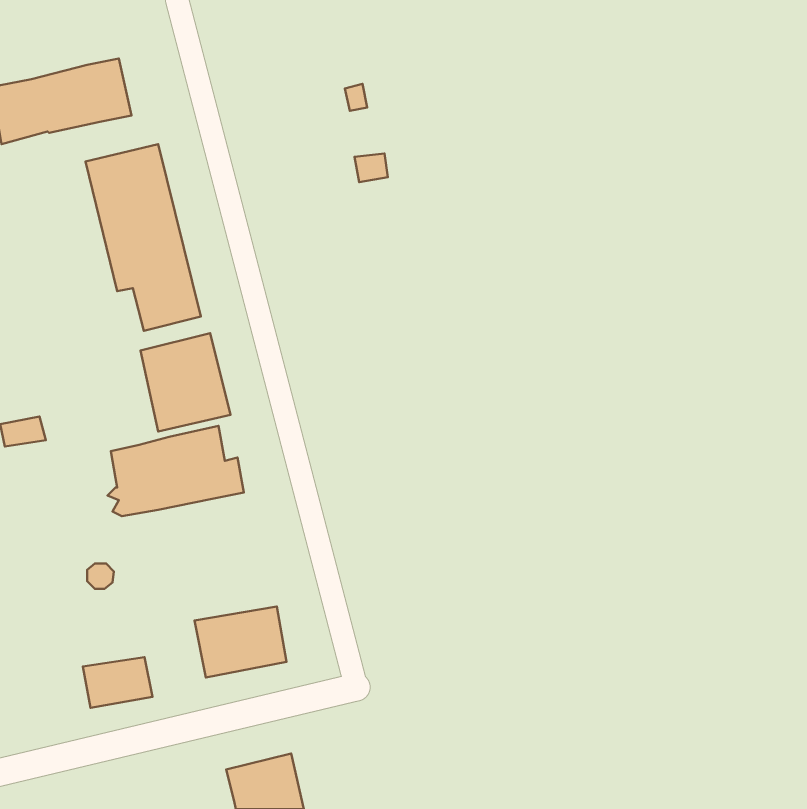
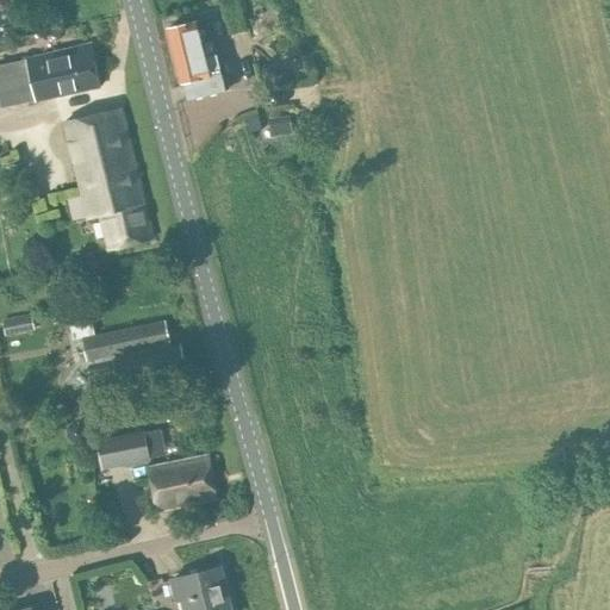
building: none -> [166,23,224,101]
building: [140,333,230,432] -> none
building: [83,657,152,708] -> [97,431,149,469]

